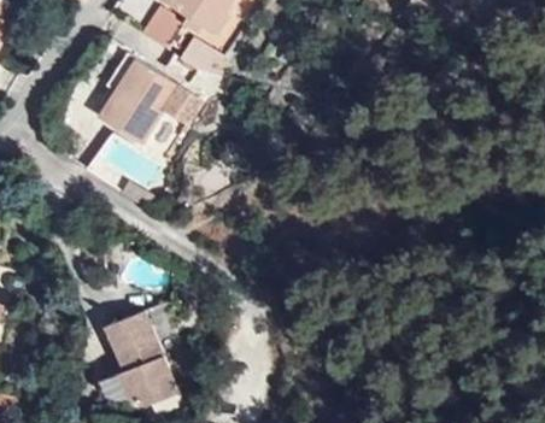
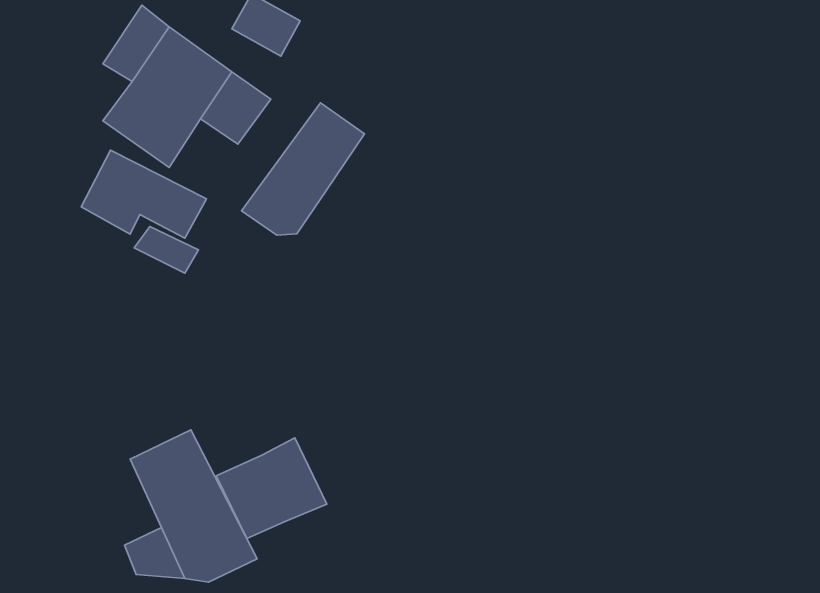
building: none -> [241,103,364,235]
building: none -> [216,438,327,538]

